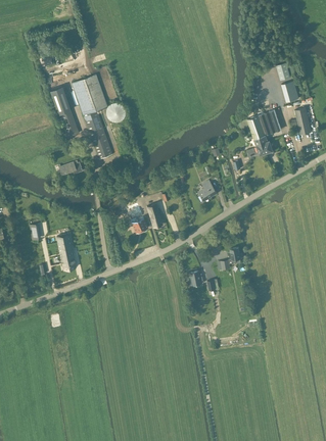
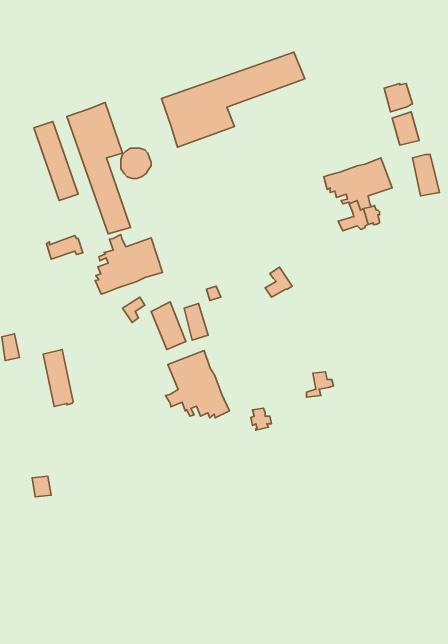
building: none -> [162,52,305,147]
building: none -> [95,235,162,294]
building: none -> [166,350,229,418]

